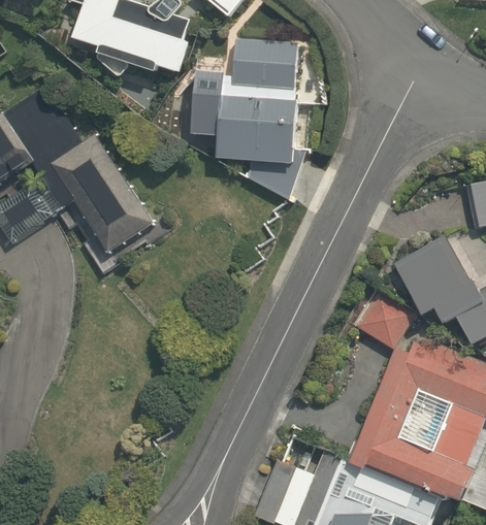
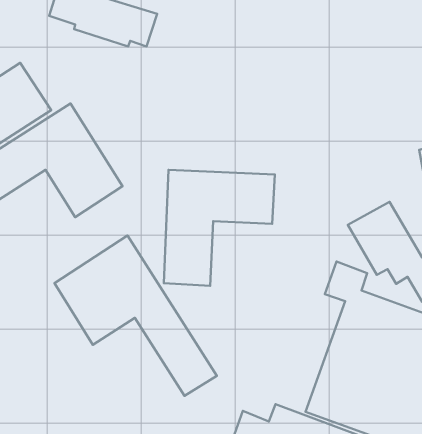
building: [195,39,295,199] -> none
building: none -> [164,170,275,286]
building: none -> [54,236,217,396]

